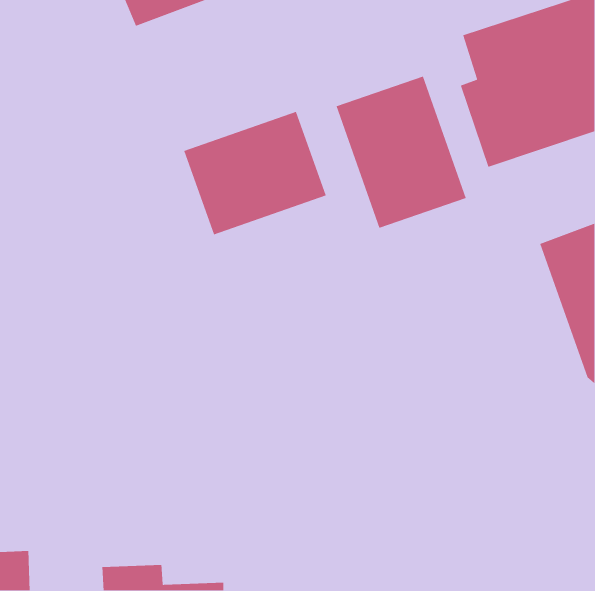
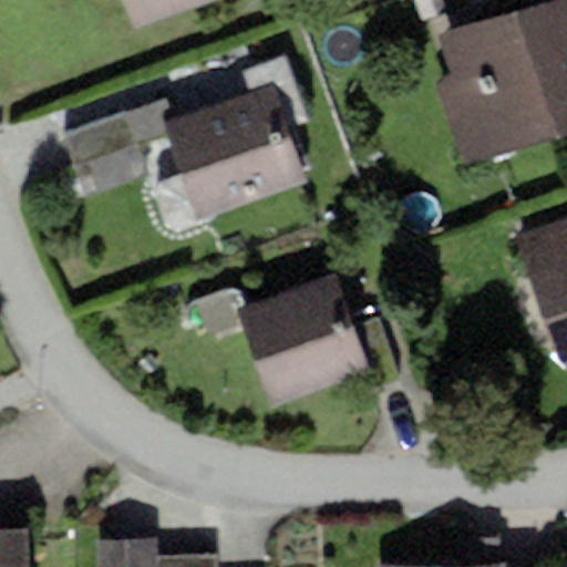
building: [336,76,467,229] -> none
building: none -> [250,286,377,404]

